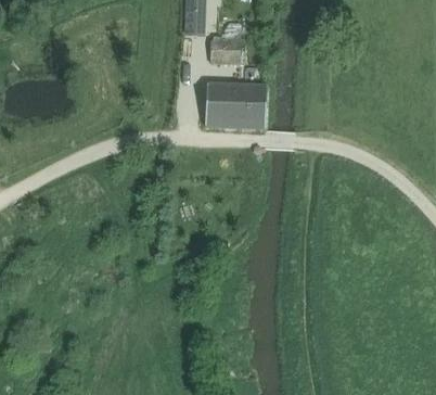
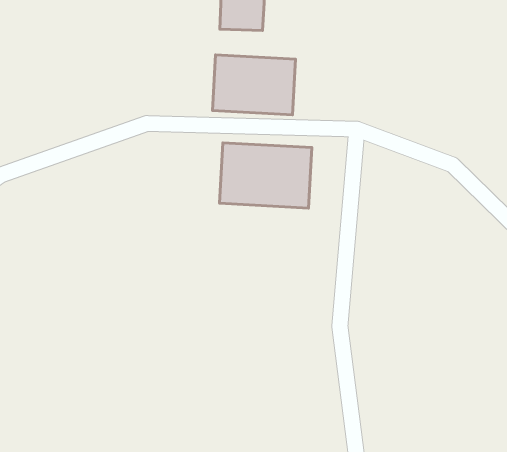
building: none -> [220,143,312,208]

